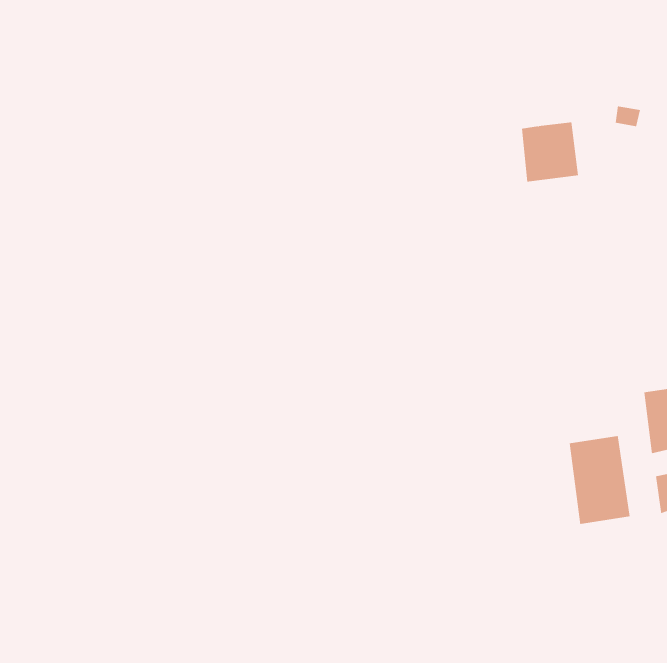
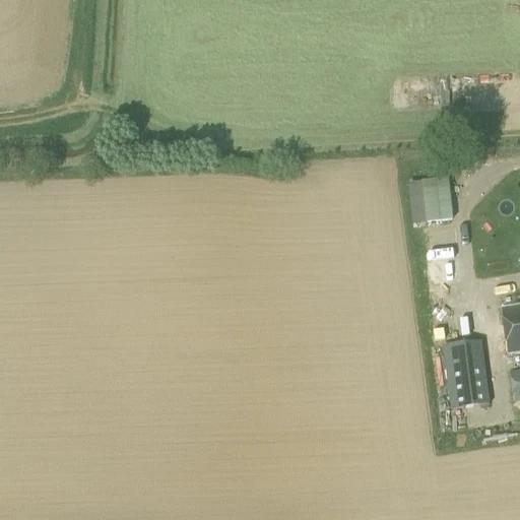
building: [521,122,579,182] -> [408,176,453,222]

